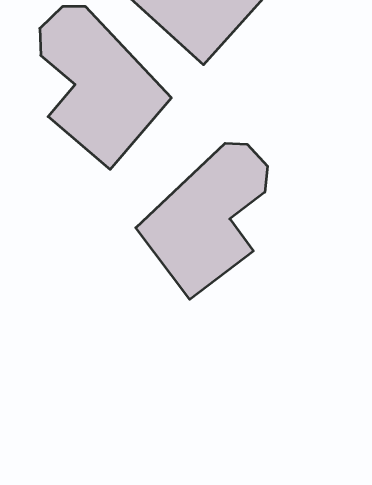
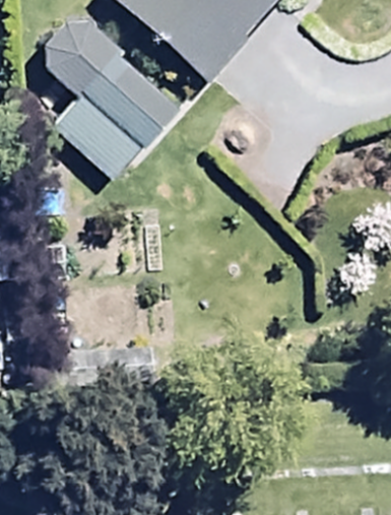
building: [136,143,268,299] -> none

